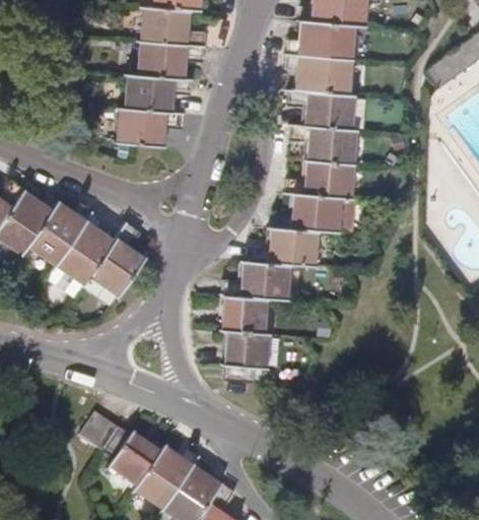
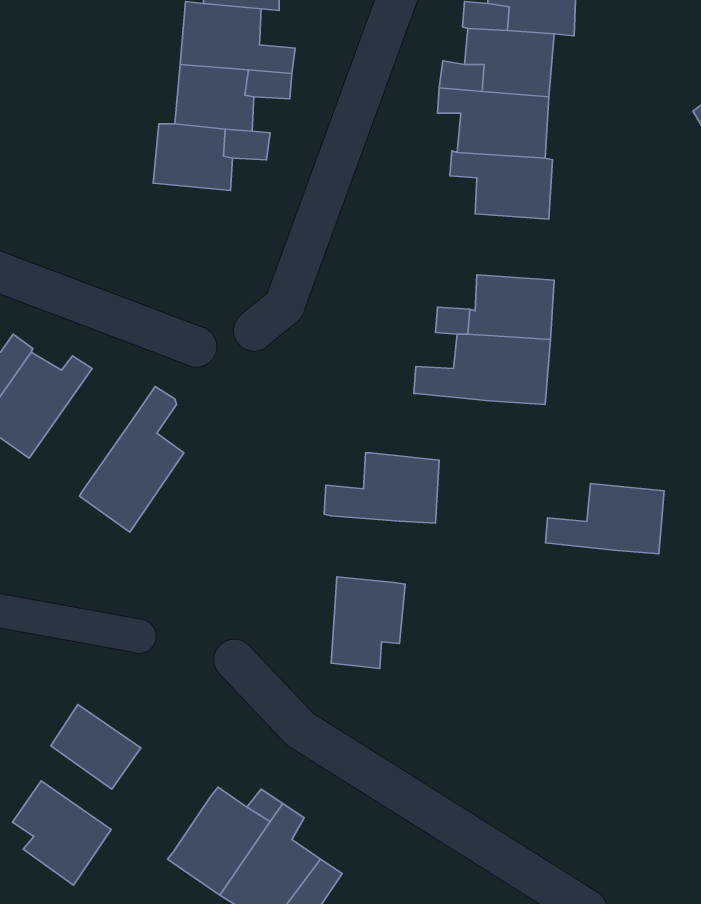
building: [119,109,186,148] -> none
building: [291,125,355,164] -> none
building: [57,213,115,283] -> none
building: [250,228,317,267] -> [546,484,664,554]
building: [225,297,266,334] -> none
building: [104,428,159,486] -> [12,781,111,885]

